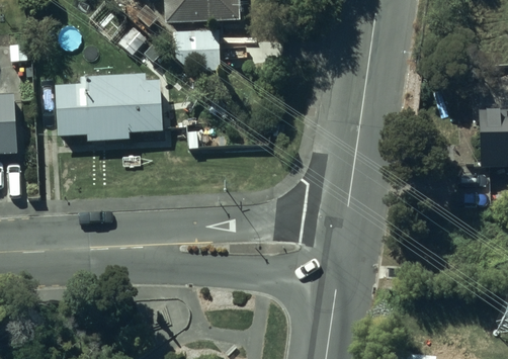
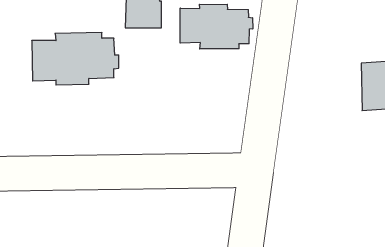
building: none -> [180,4,253,49]

